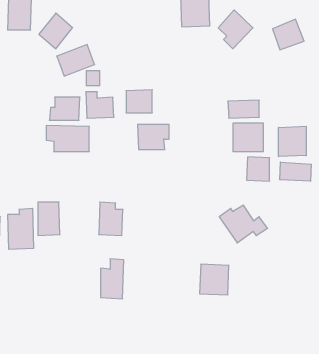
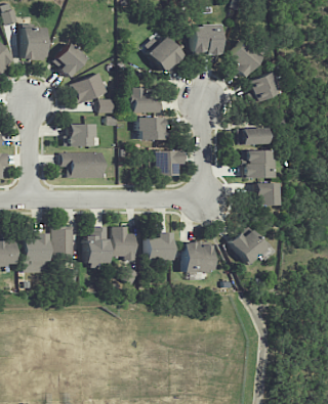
building: none -> [147,36,183,73]
building: [273,19,304,50] -> [249,72,280,101]
building: [86,92,114,118] -> [130,87,158,113]
building: [279,126,306,157] -> none
building: [280,162,311,181] -> none
building: none -> [146,232,171,261]
building: [101,259,124,299] -> [85,226,108,265]
building: [200,264,229,295] -> [183,243,212,273]

